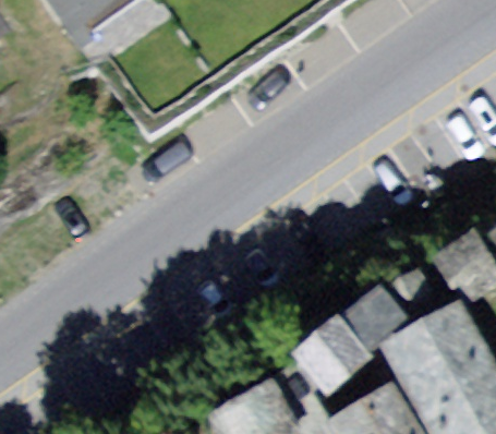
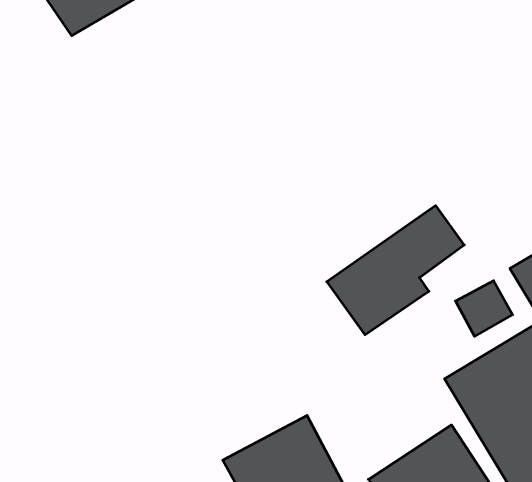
building: [295,284,406,387] -> [327,206,464,335]

